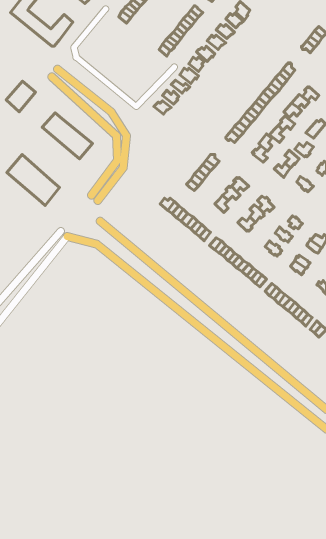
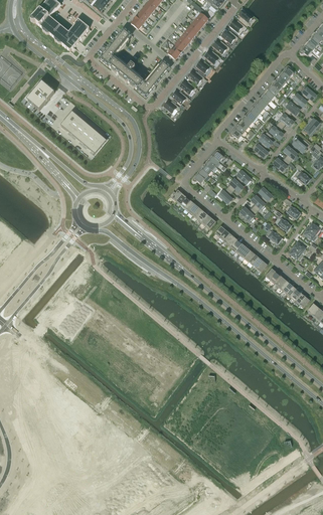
building: none -> [100,29,170,97]
building: [7,154,59,205] -> none

